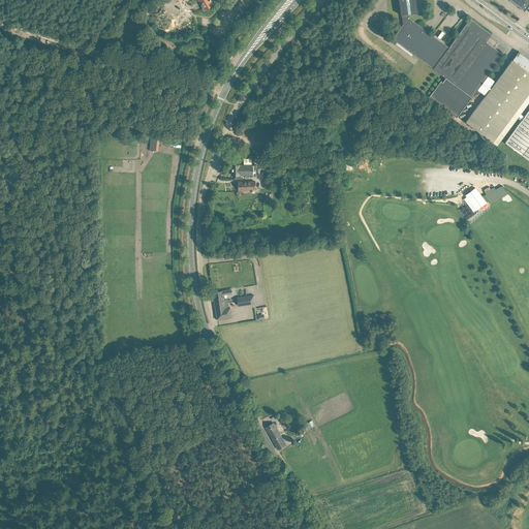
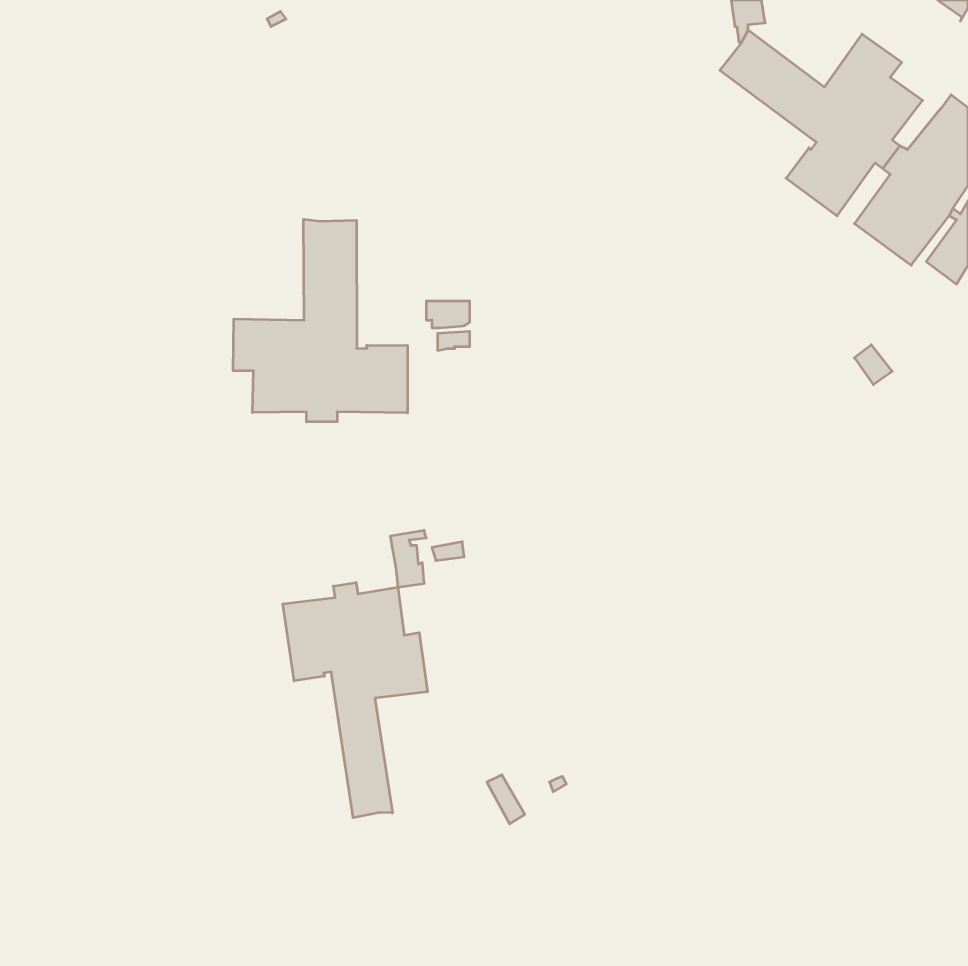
building: none -> [233,219,407,422]
building: none -> [283,582,427,818]

